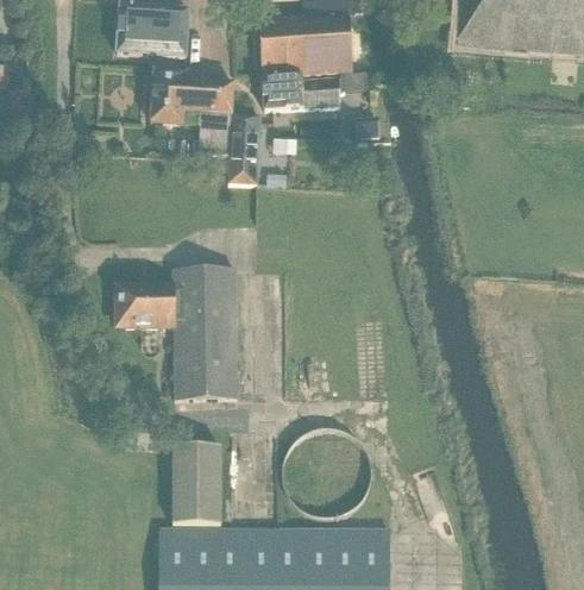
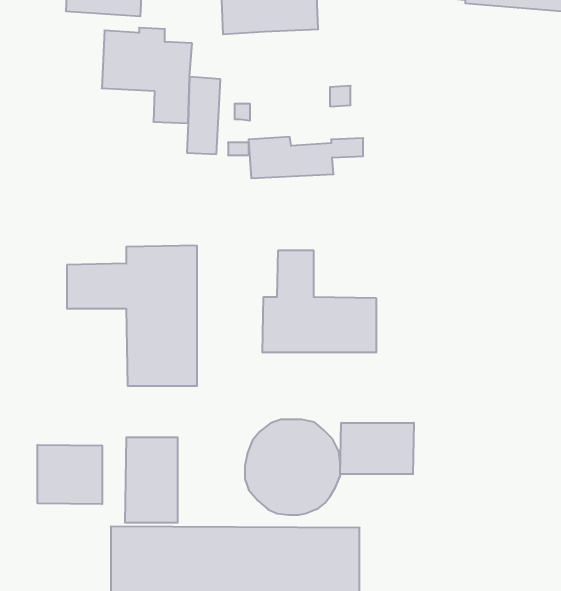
building: [262,73,368,111] -> [249,137,363,178]
building: none -> [263,250,376,353]
building: none -> [340,423,414,474]
building: none -> [38,445,102,504]

